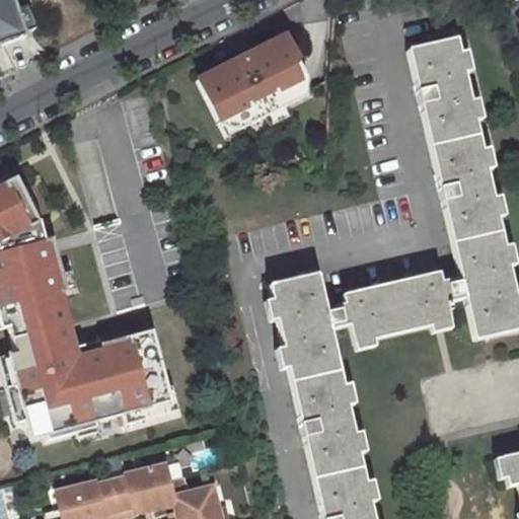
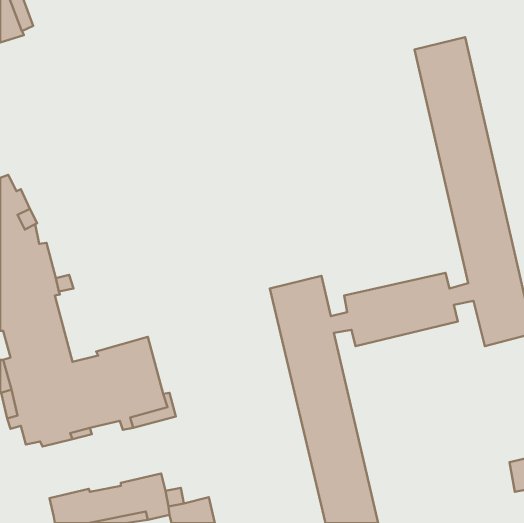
building: [205,30,315,122] -> none

